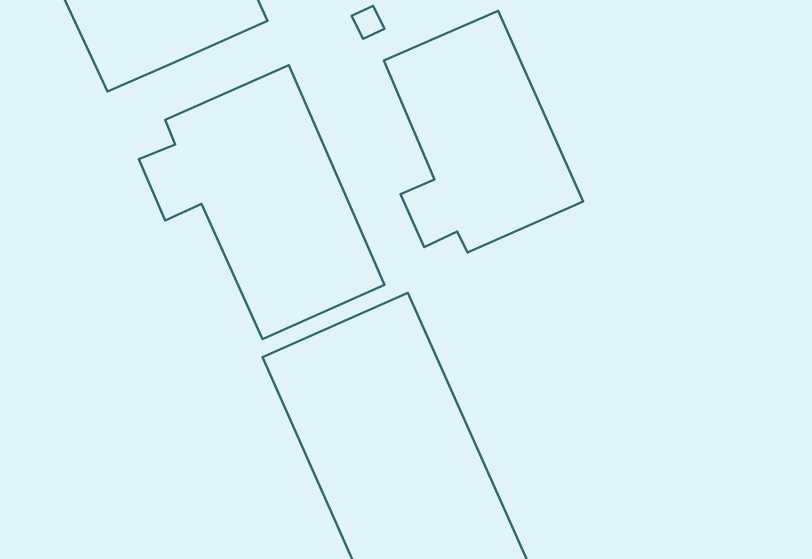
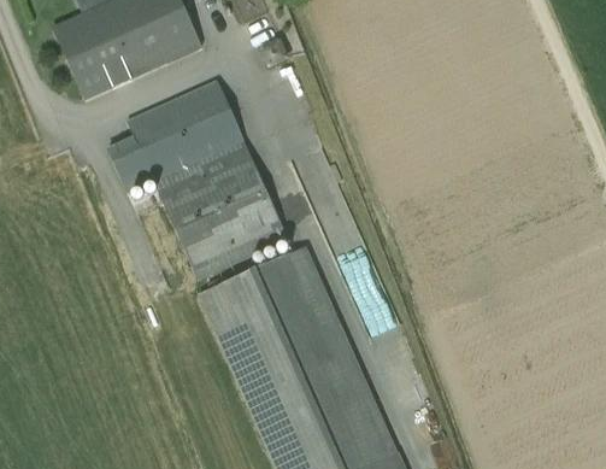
building: [384,11,583,252] -> none

